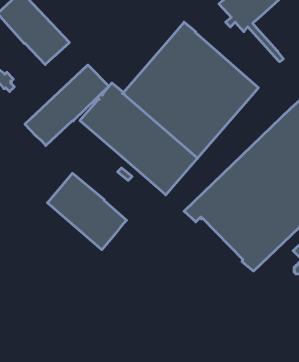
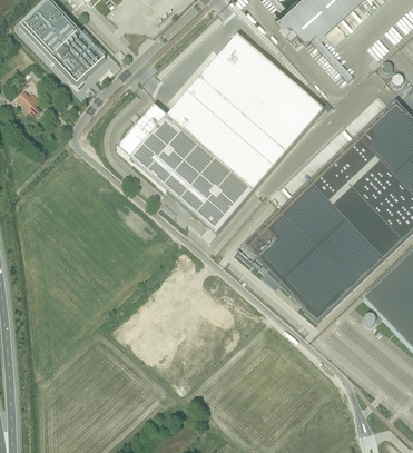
building: [25,65,109,146] -> none
building: [47,173,127,250] -> none

